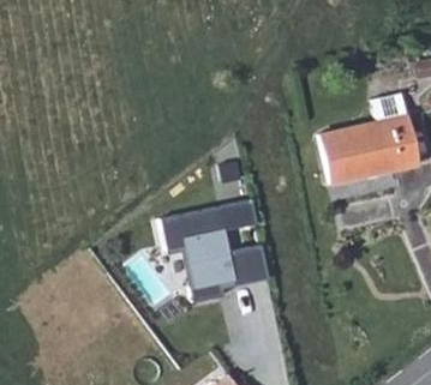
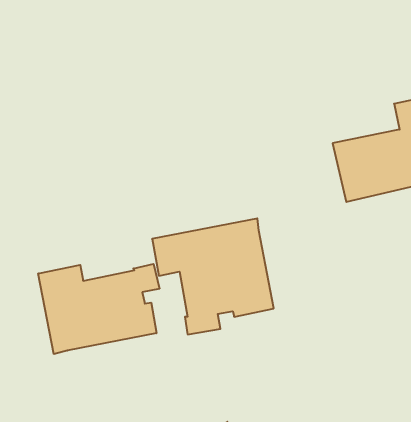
building: none -> [38,264,159,354]

